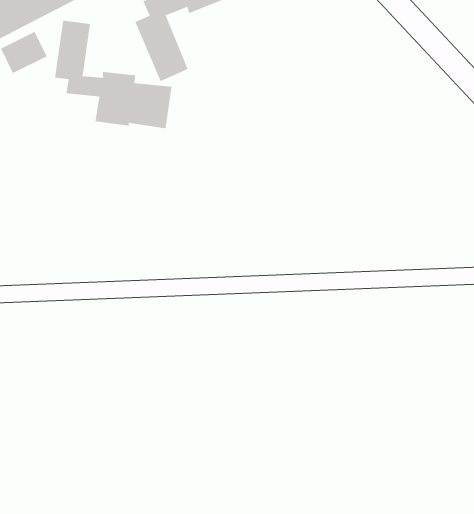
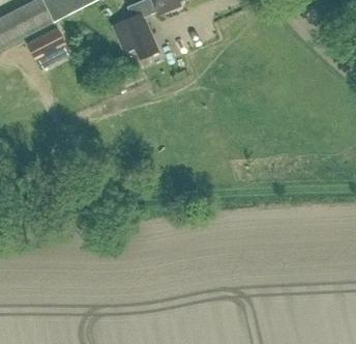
building: [54,20,172,129] -> none

